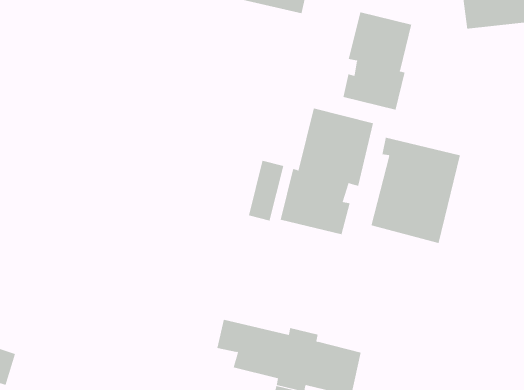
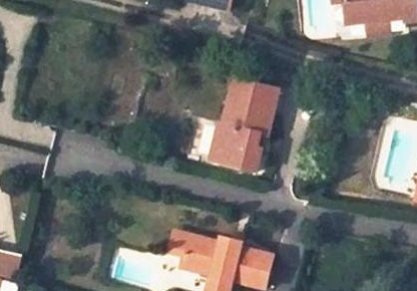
building: [343,12,412,111] -> none
building: [371,137,460,244] -> none

